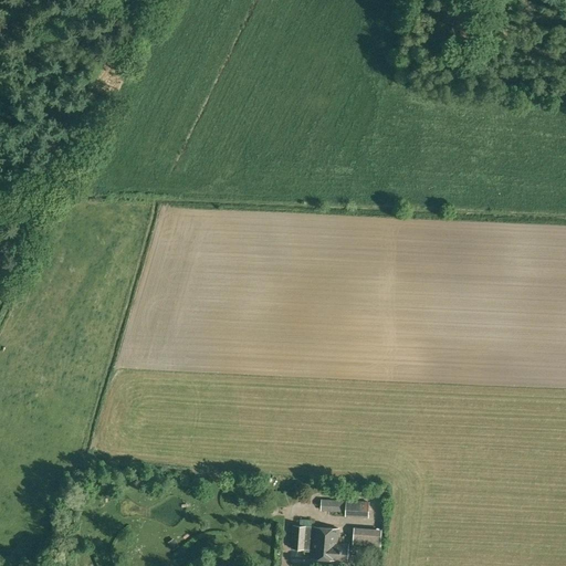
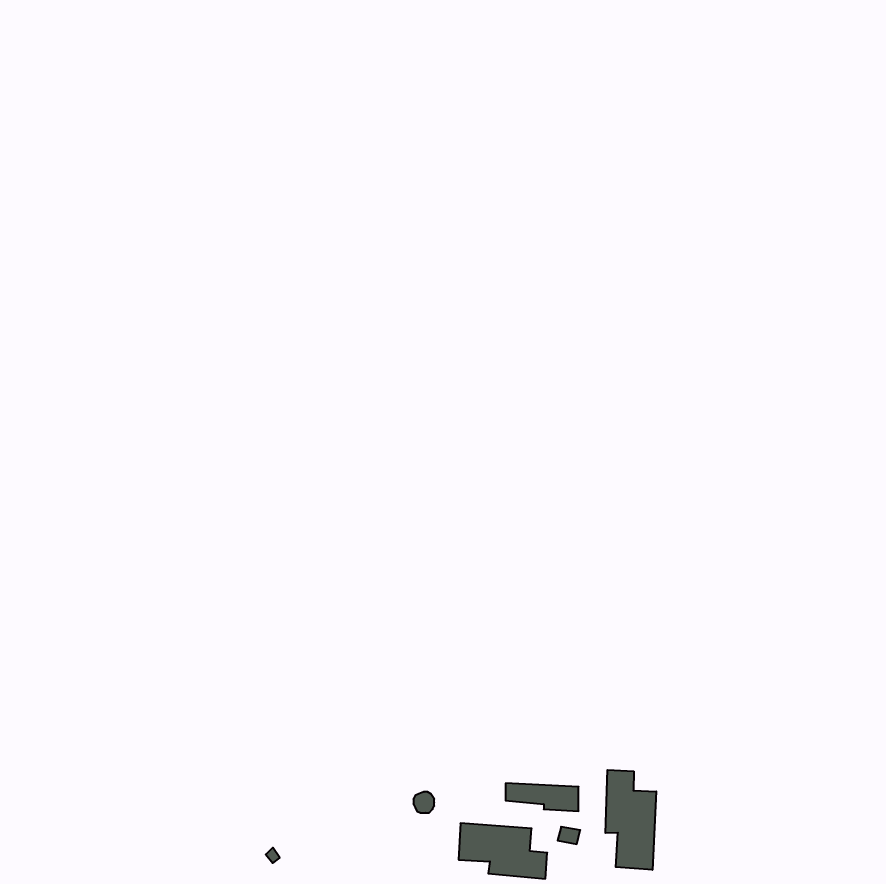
building: none -> [605,770,656,870]

